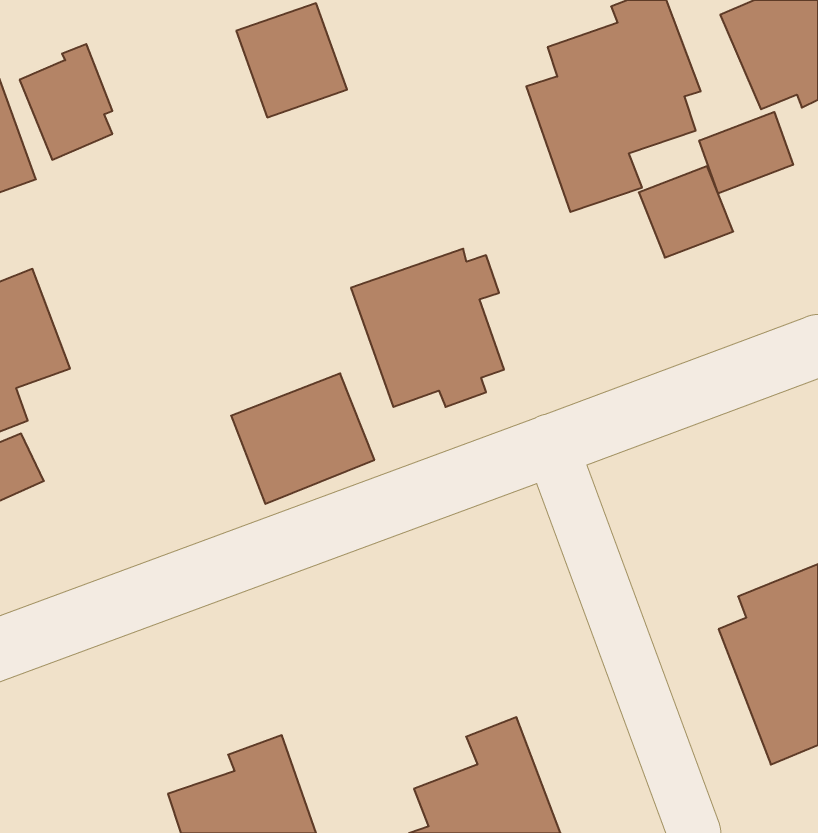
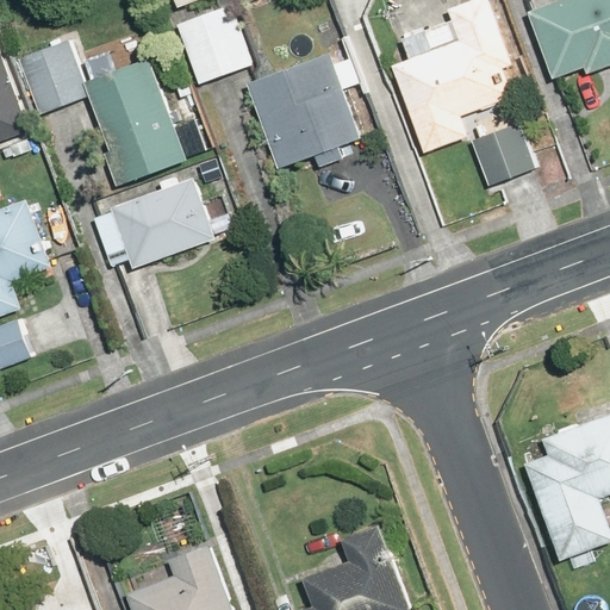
building: none -> [82,56,187,188]
building: [699,112,793,194] -> none
building: [351,249,504,407] -> [249,52,361,168]
building: [231,373,374,504] -> [107,175,212,270]

